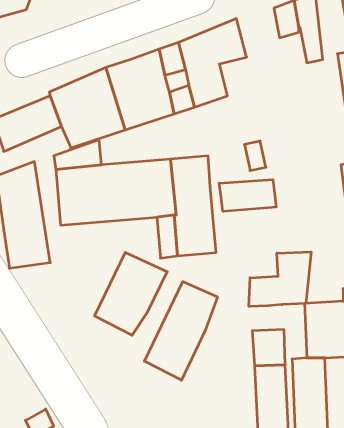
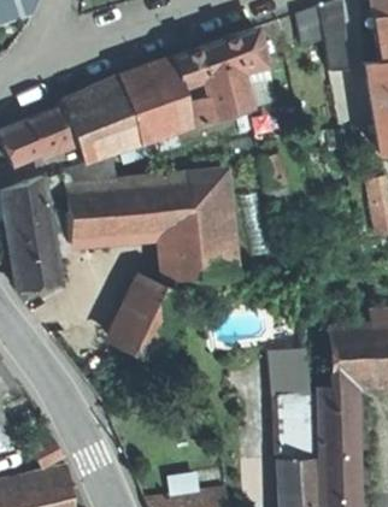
building: [219,180,276,211] -> none
building: [249,252,311,306] -> none
building: [144,282,217,380] -> none

